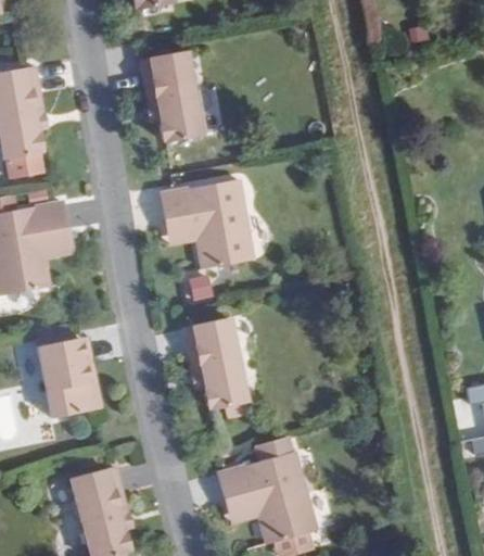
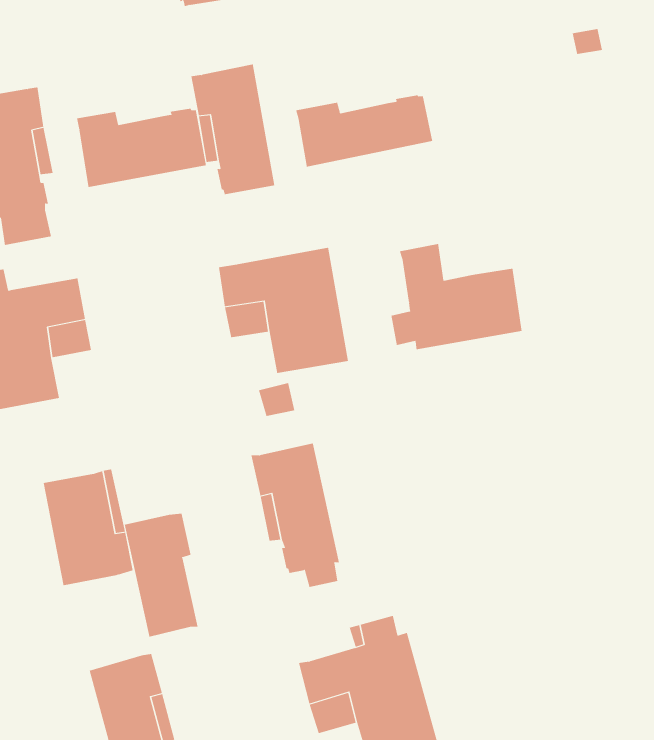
building: none -> [296,94,433,167]
building: none -> [76,108,206,188]
building: none -> [391,243,522,350]
building: none -> [124,513,198,637]

